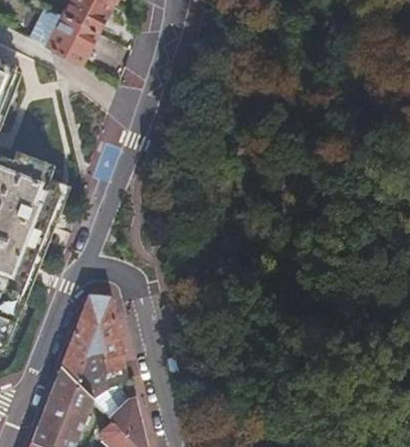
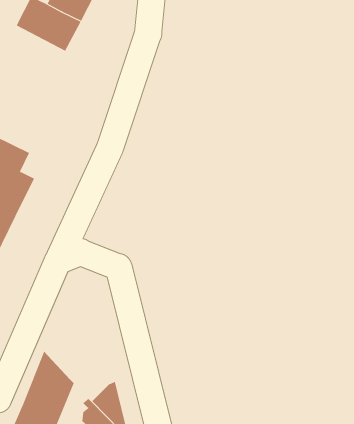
building: [60,297,125,396] -> none

